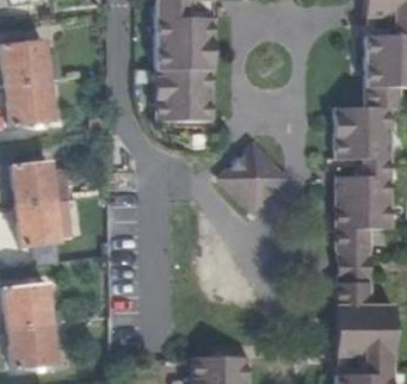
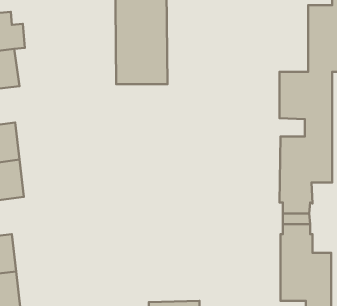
building: [224,147,285,208] -> none

